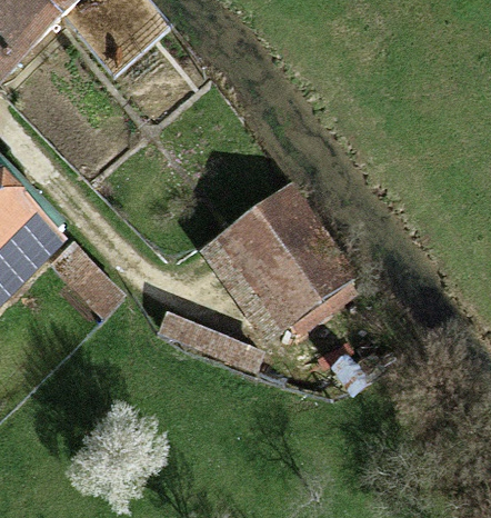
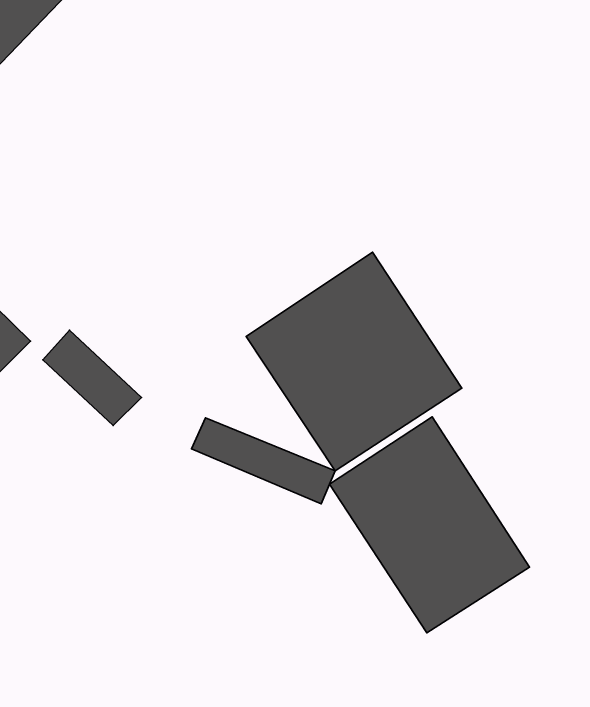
building: none -> [329,417,529,633]

